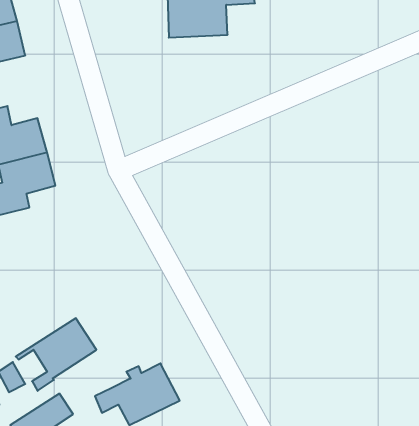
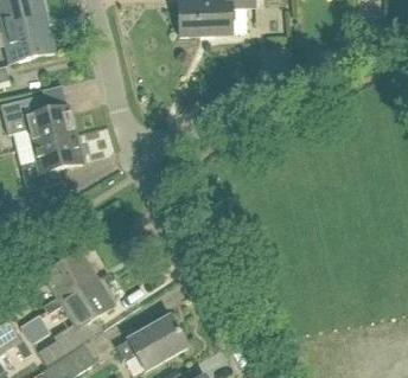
building: none -> [43,250,98,310]

